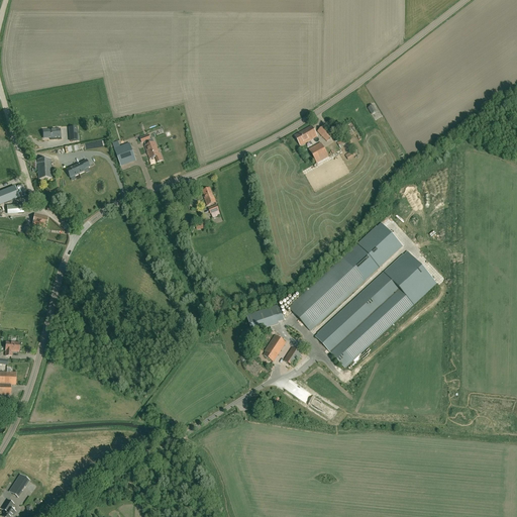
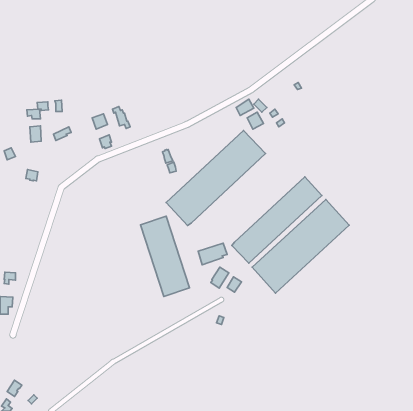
building: none -> [166,131,265,225]
building: none -> [141,216,189,296]

